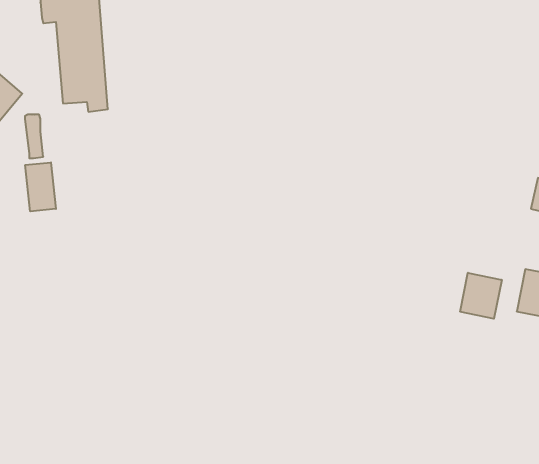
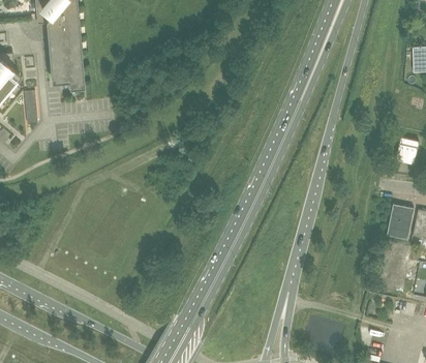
building: [25,162,56,211] -> none
building: [460,273,502,319] -> none

